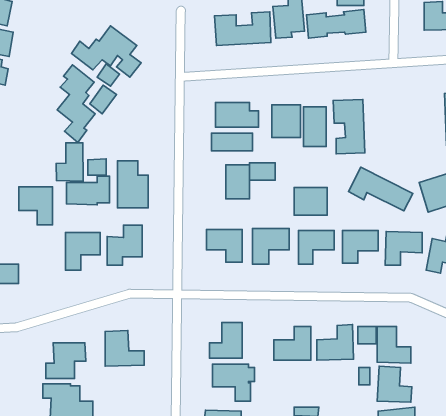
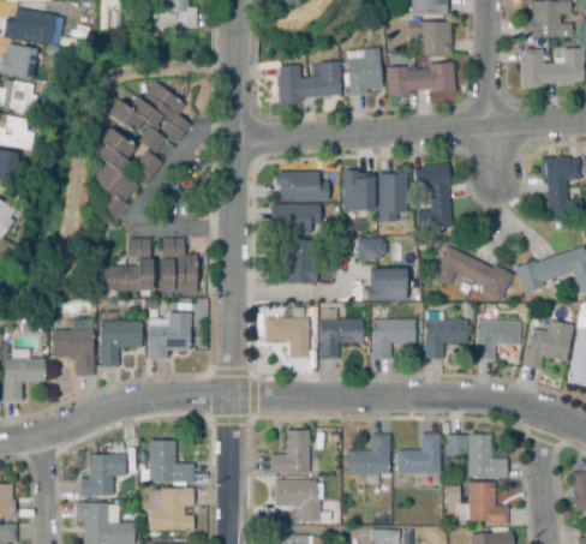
building: [56,143,83,181] -> none
building: [250,163,275,180] -> [357,240,387,261]
building: [19,187,53,225] -> [54,331,94,376]
building: none -> [148,486,193,531]

